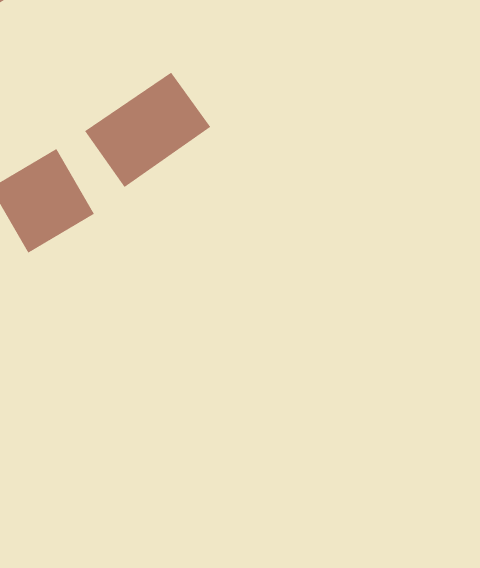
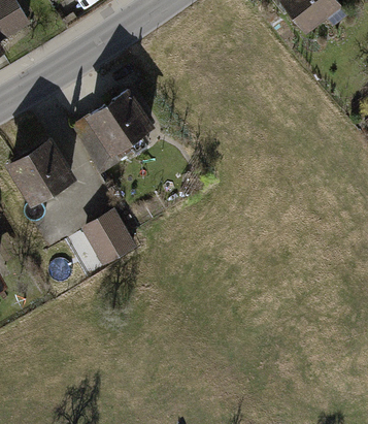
building: none -> [78,209,135,268]

